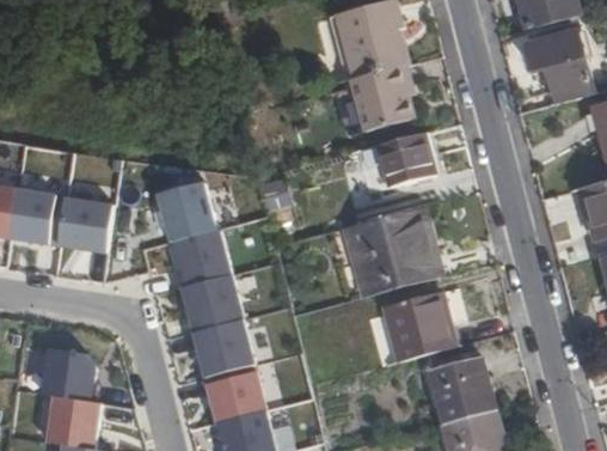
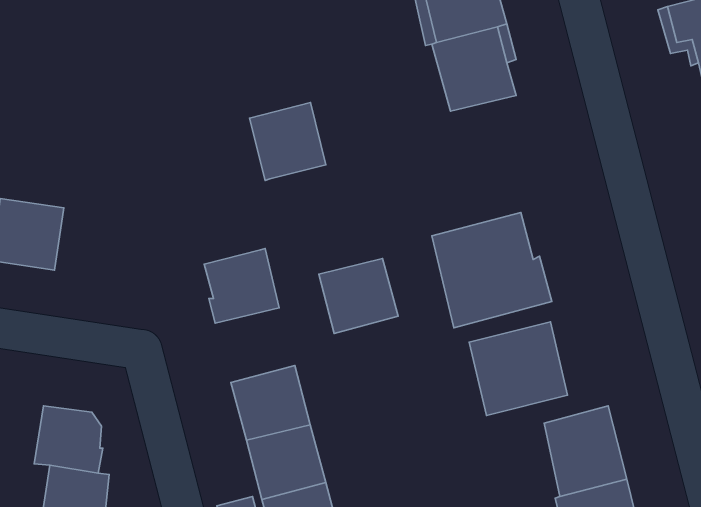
building: [375,128,433,182] -> none
building: [157,184,215,244] -> [250,103,326,181]
building: [57,200,112,254] -> none
building: [180,276,241,334] -> [319,259,398,333]

